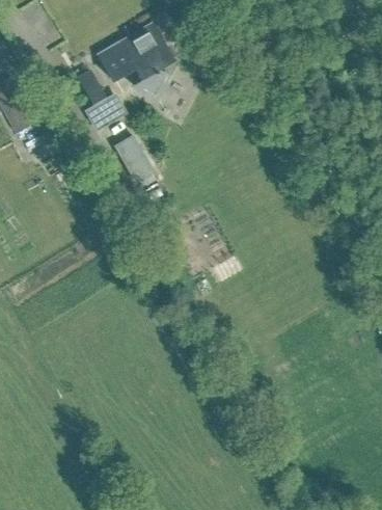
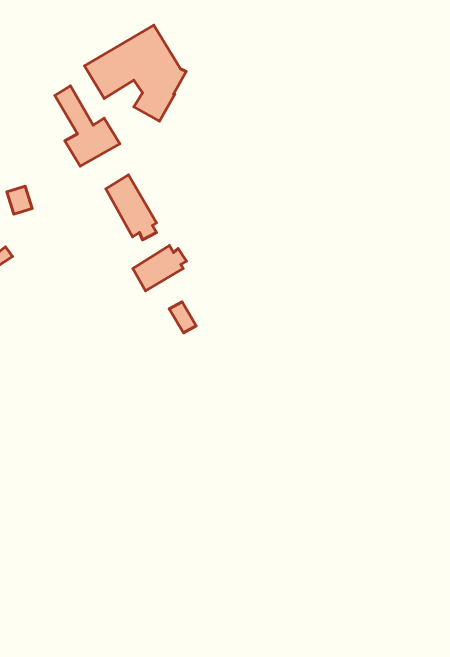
building: none -> [133,246,187,291]

